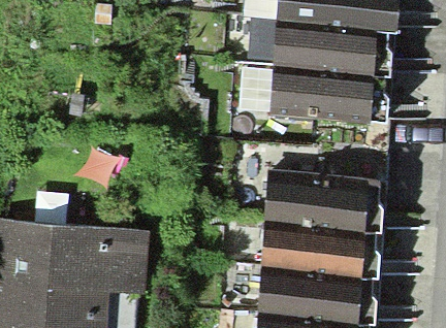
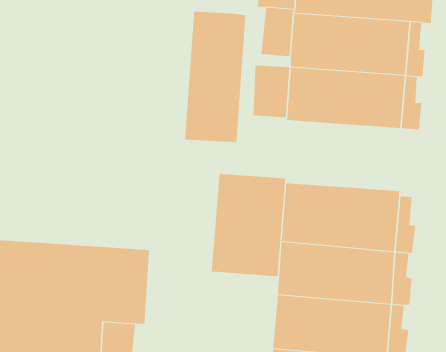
building: none -> [185,11,246,143]
building: none -> [211,173,286,277]

